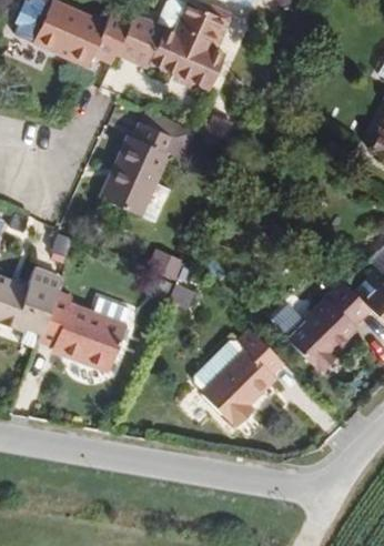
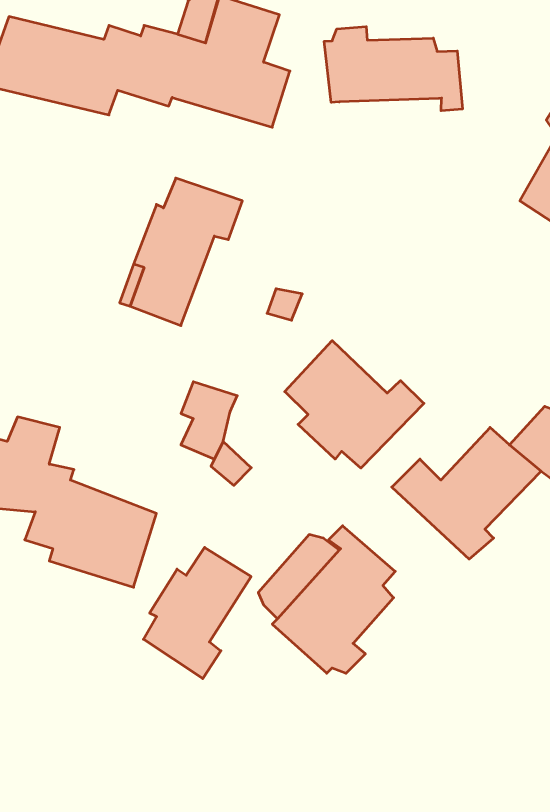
building: none -> [324,27,462,111]
building: none -> [285,341,424,468]
building: none -> [143,547,251,679]

